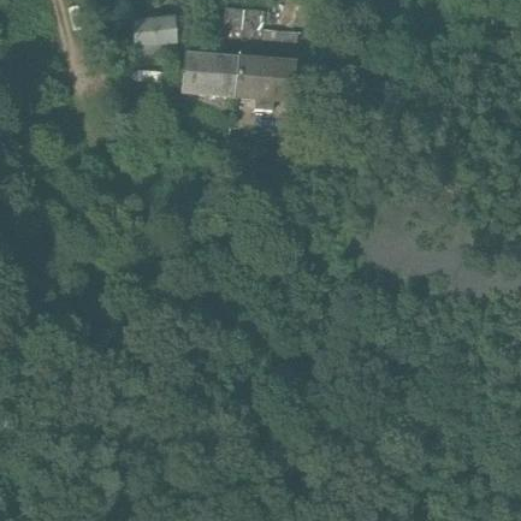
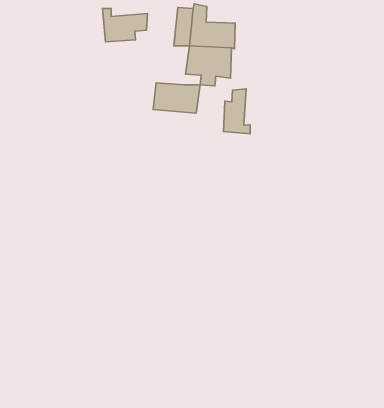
building: [180,57,238,94] -> [153,83,200,113]
building: none -> [223,89,250,134]

